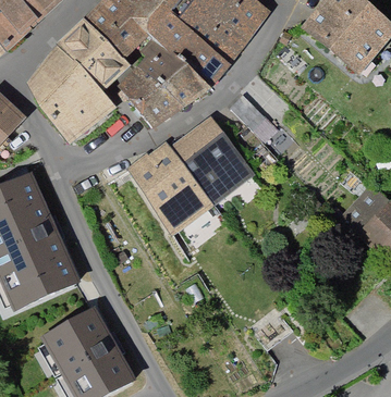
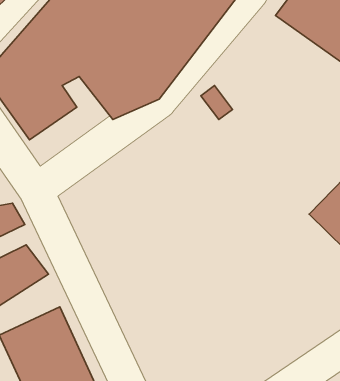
building: [133,117,248,226] -> none

